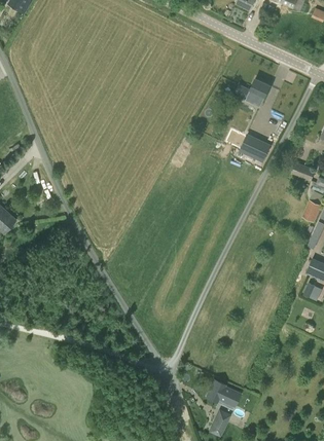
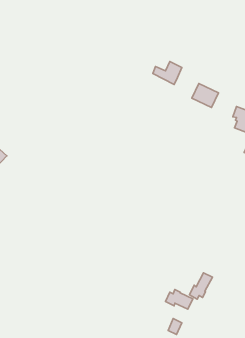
building: [235,78,269,106] -> [153,61,182,84]
building: none -> [189,273,212,299]

